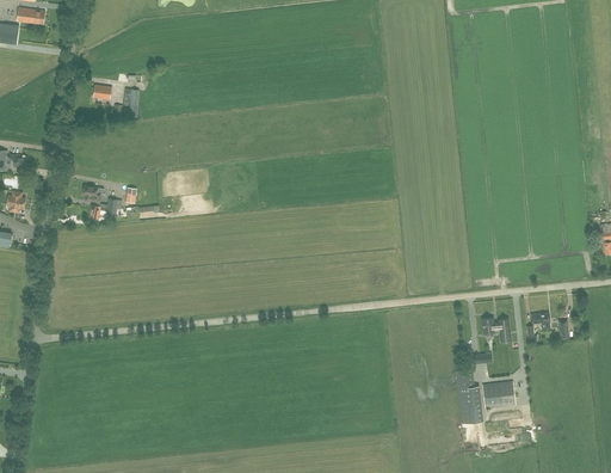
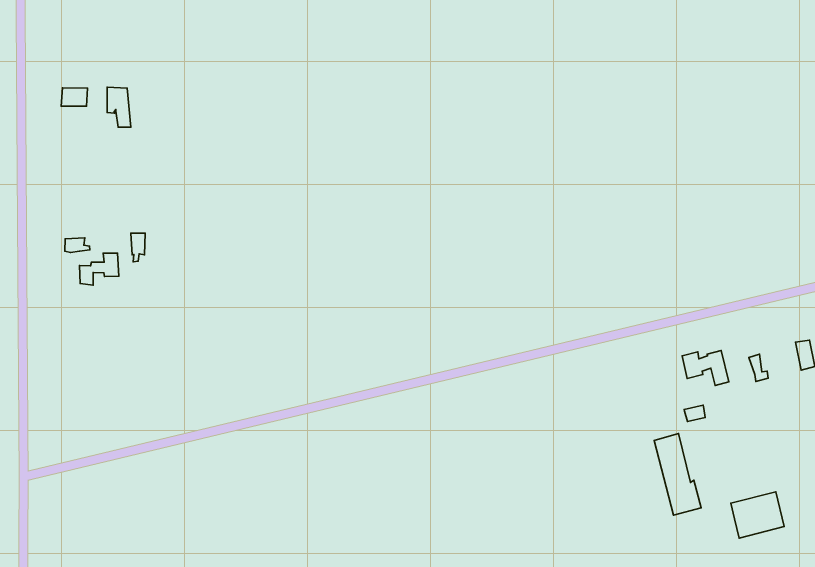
building: [481,382,514,410] -> [731,492,784,538]

